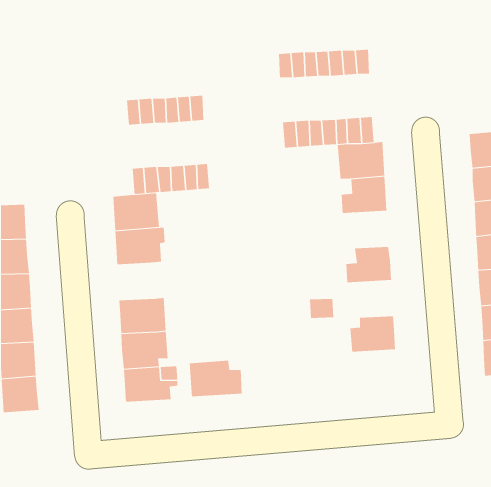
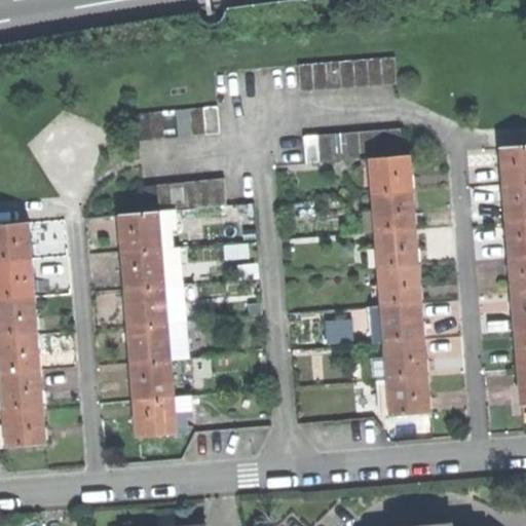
building: none -> [367,230,416,271]
building: none -> [125,285,180,326]
building: none -> [371,304,421,344]
building: none -> [376,378,425,416]
building: [189,360,242,397] -> none

